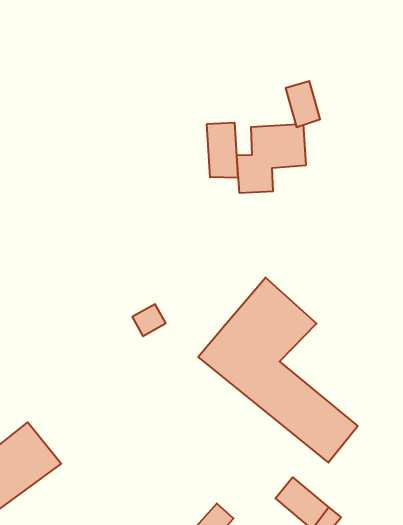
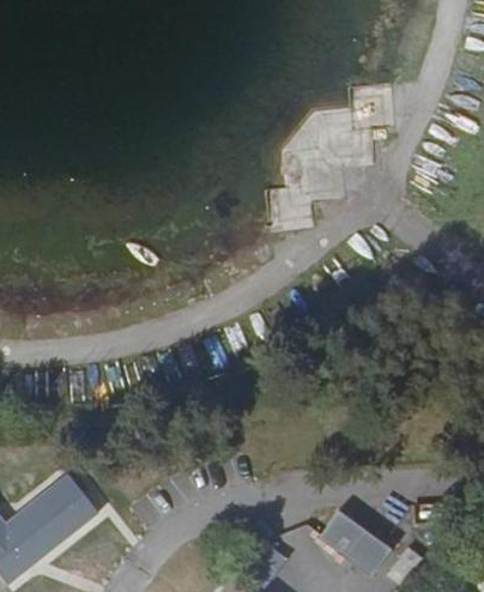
building: [207,123,238,178] -> none
building: [198,277,358,463] -> none

